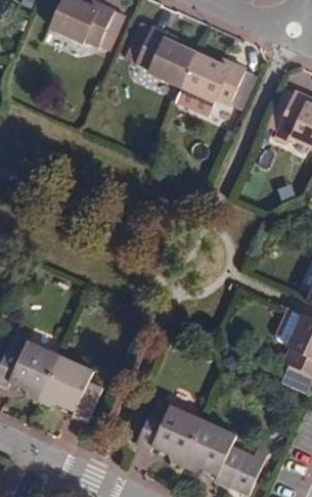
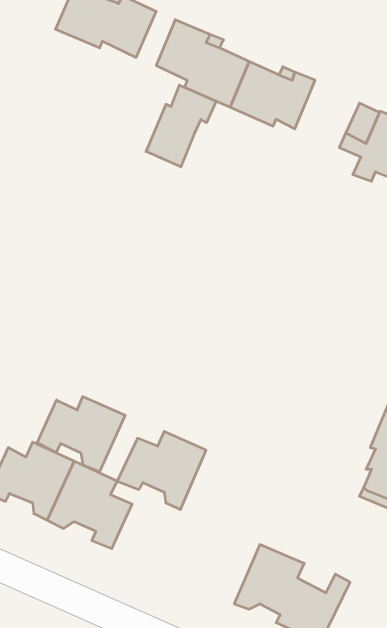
building: none -> [146,85,216,167]
building: none -> [37,397,125,472]
building: [136,406,204,465] -> [117,431,206,510]

